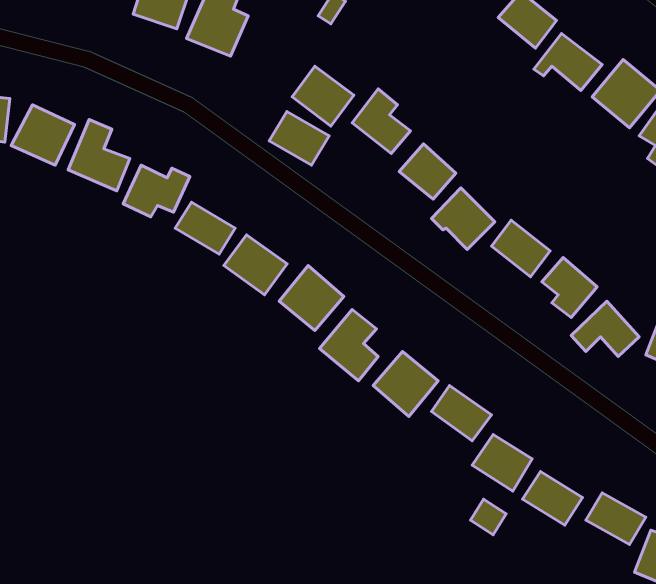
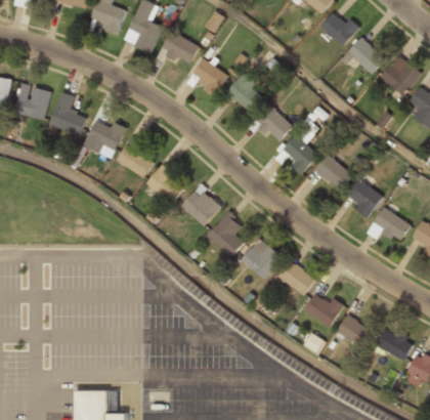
building: [269,112,329,165] -> [161,32,199,66]

